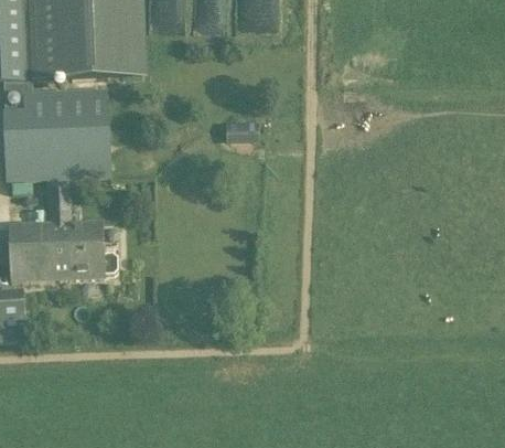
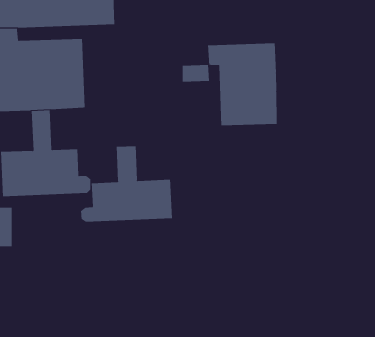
building: none -> [208,42,277,126]
building: none -> [80,146,172,223]

